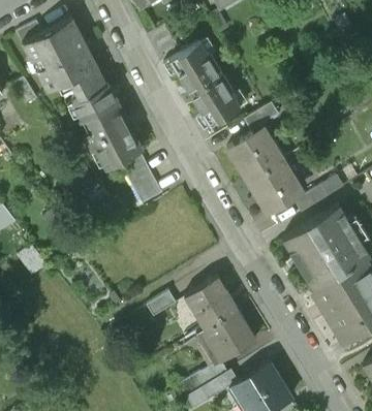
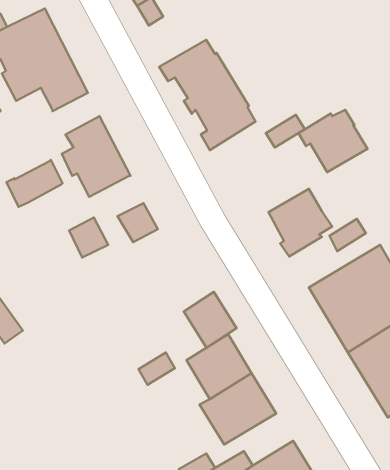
building: [72,84,117,121] -> [7,160,63,207]
building: [227,130,282,180] -> [298,110,367,172]
building: [120,151,151,183] -> [69,217,108,258]
building: none -> [184,292,237,348]

